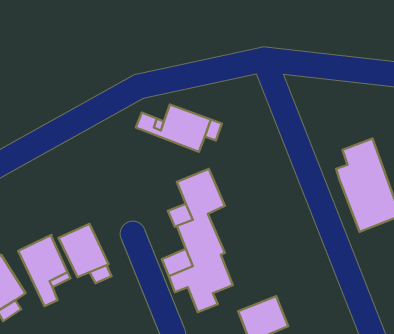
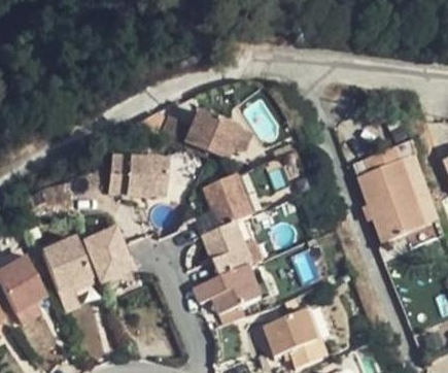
building: none -> [106,159,163,196]

